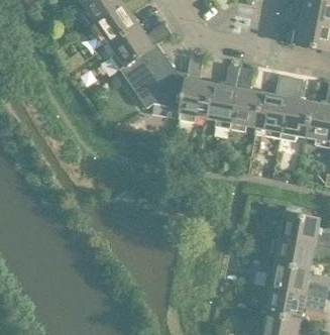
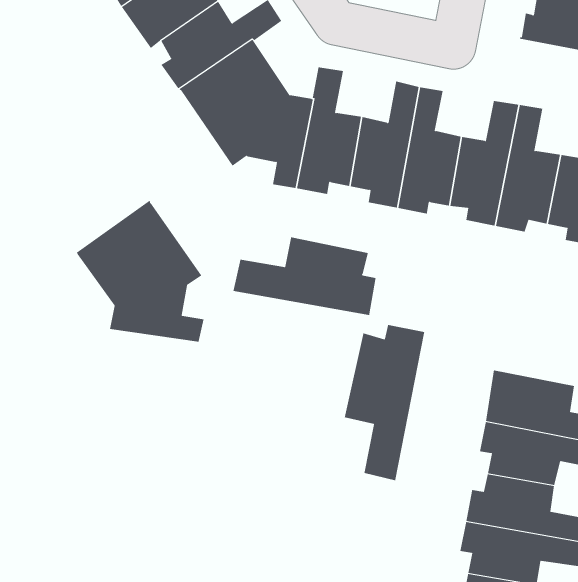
building: none -> [76,200,204,342]
building: none -> [233,236,376,316]
building: none -> [344,324,425,481]

